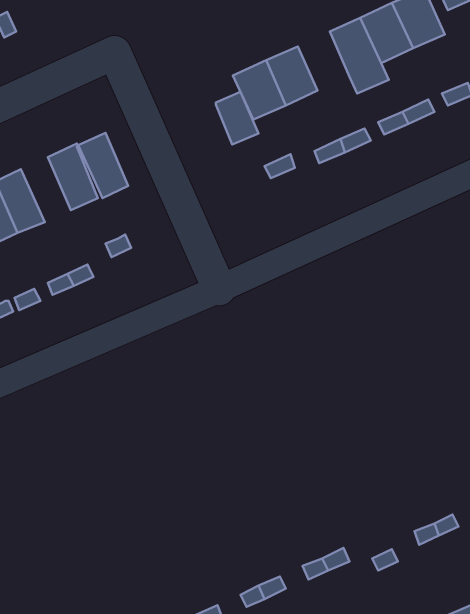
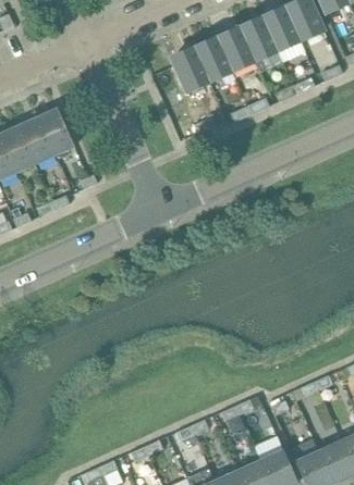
building: none -> [217,27,254,70]
building: [216,92,259,144] -> none
building: [78,133,128,198] -> [17,117,53,164]

